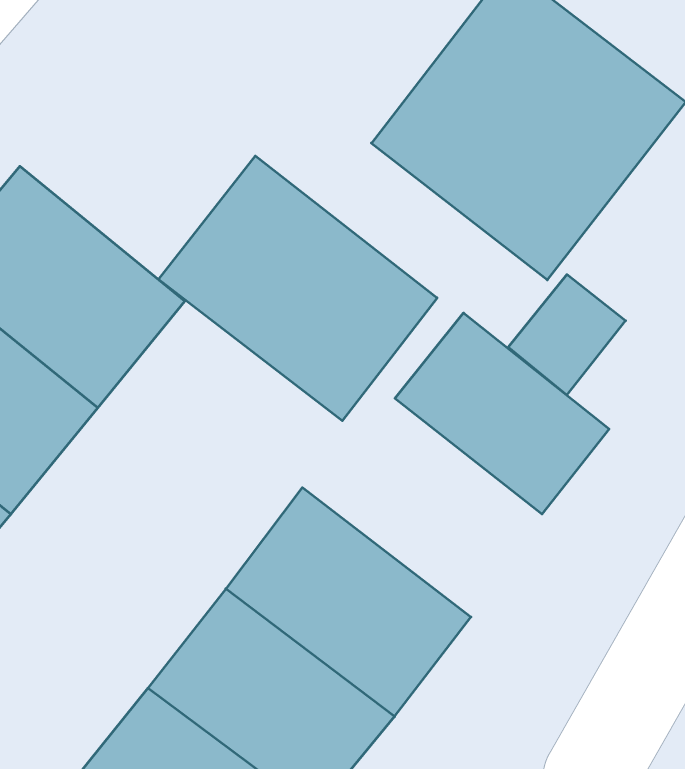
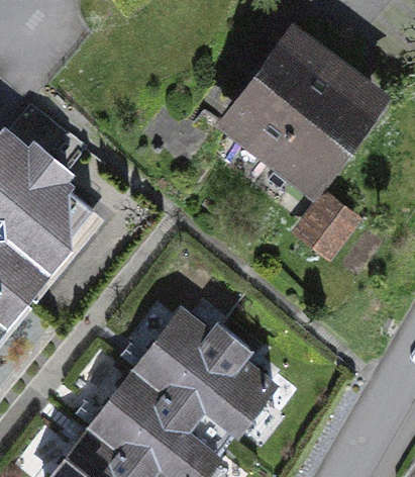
building: [159,156,437,421] -> none
building: [395,313,609,514] -> none

